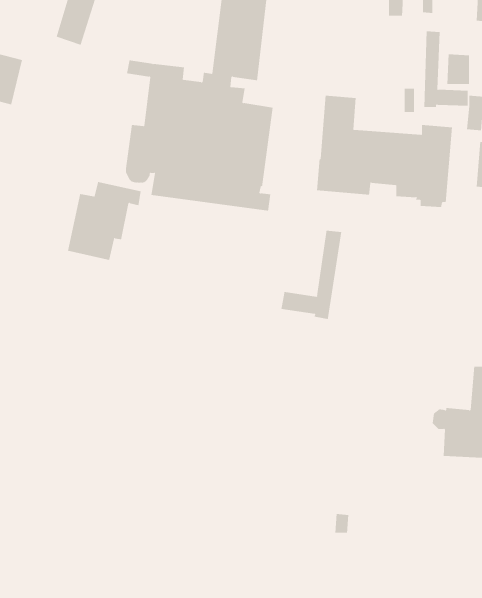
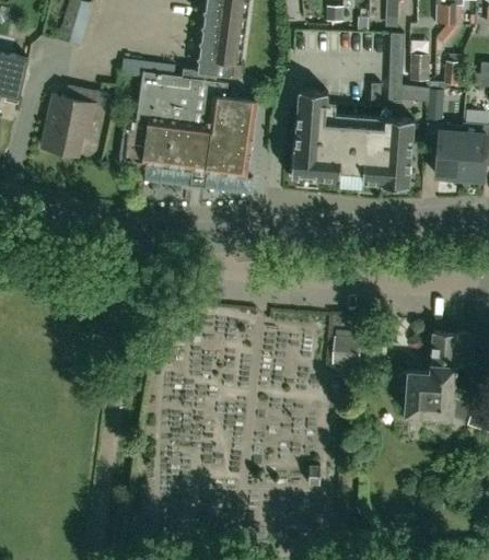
building: [67,181,141,261] -> [42,83,108,154]
building: [281,230,342,320] -> none
building: none -> [333,330,362,364]

